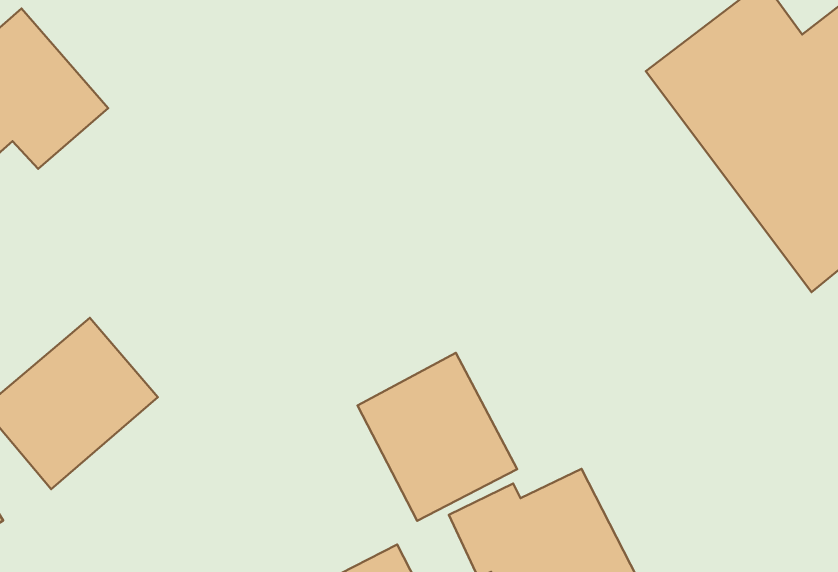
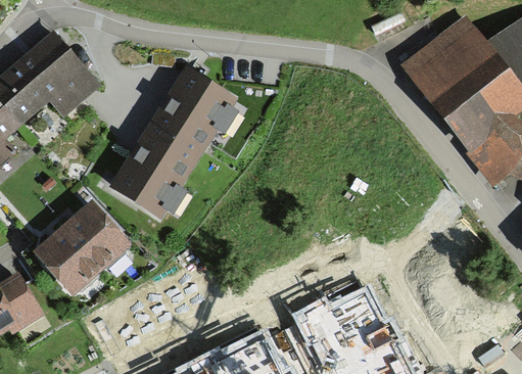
building: none -> [109,68,234,219]
building: [358,353,517,521] -> none

